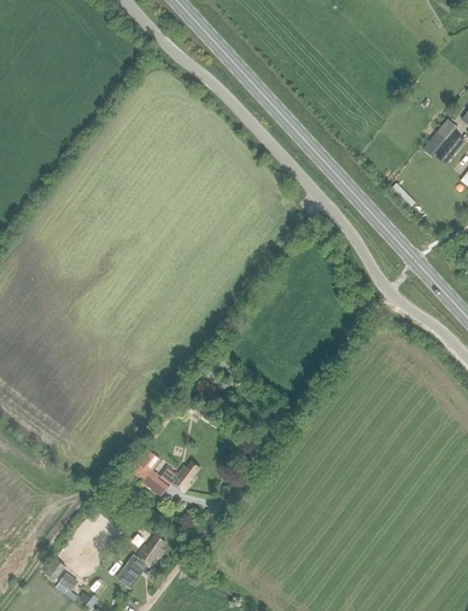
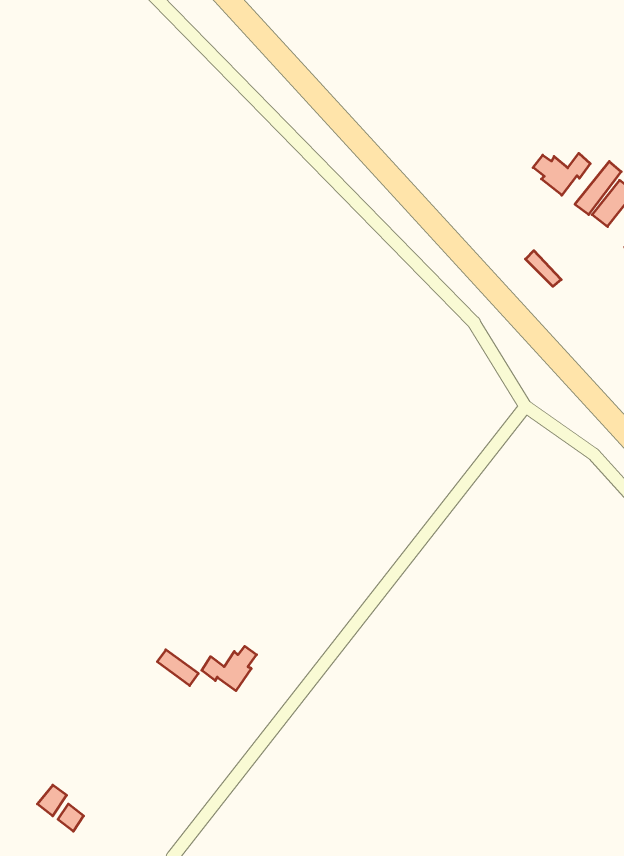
building: none -> [533,153,590,195]
building: [119,534,164,586] -> none

